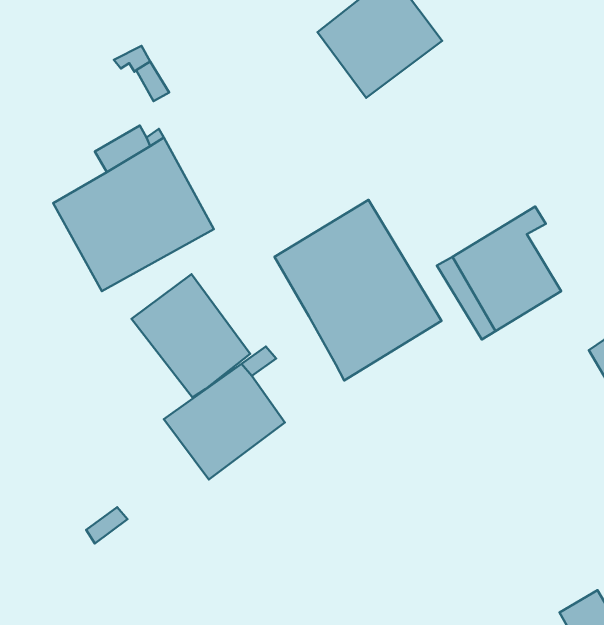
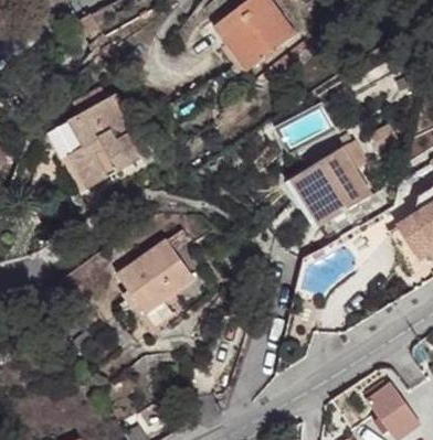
building: [275,200,442,380] -> none
building: [132,274,250,397] -> none

